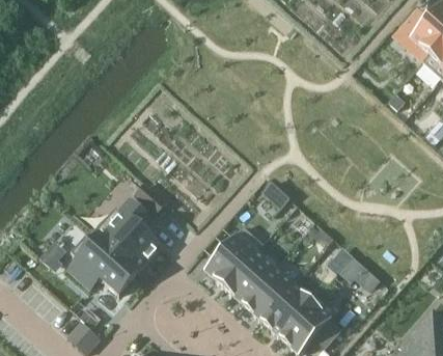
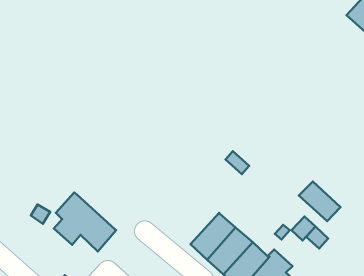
building: [94,199,160,269] -> none
building: none -> [299,181,340,221]
building: [204,225,264,285] -> none

